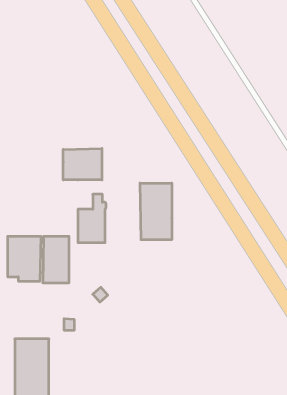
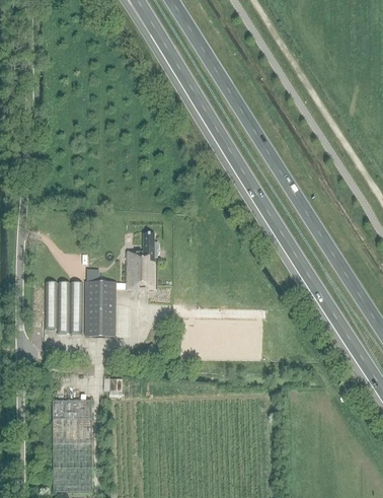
building: [63,148,102,180] -> none
building: [140,183,172,240] -> none

